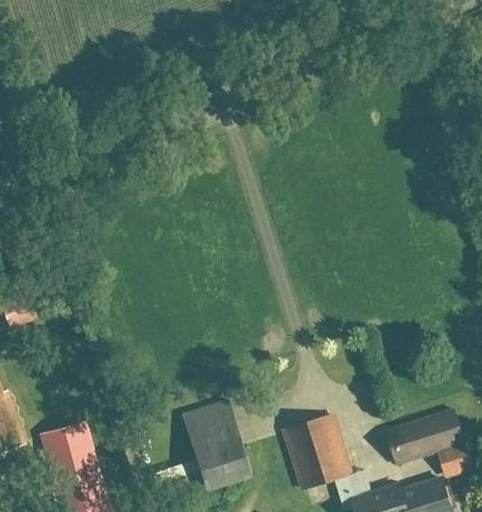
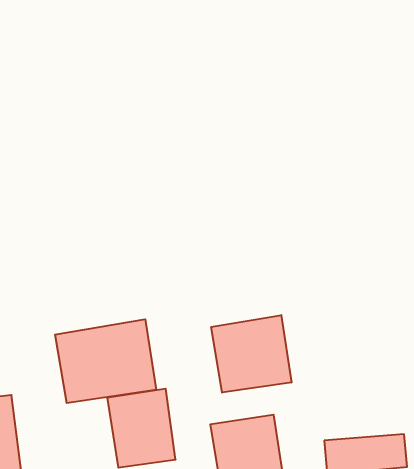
building: none -> [211,315,291,393]
building: none -> [55,319,156,403]

